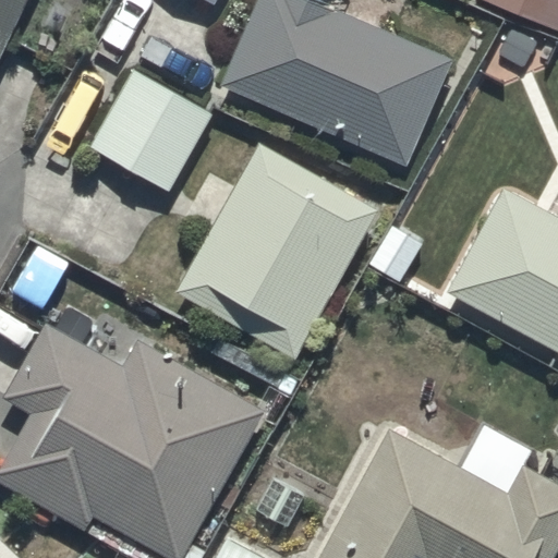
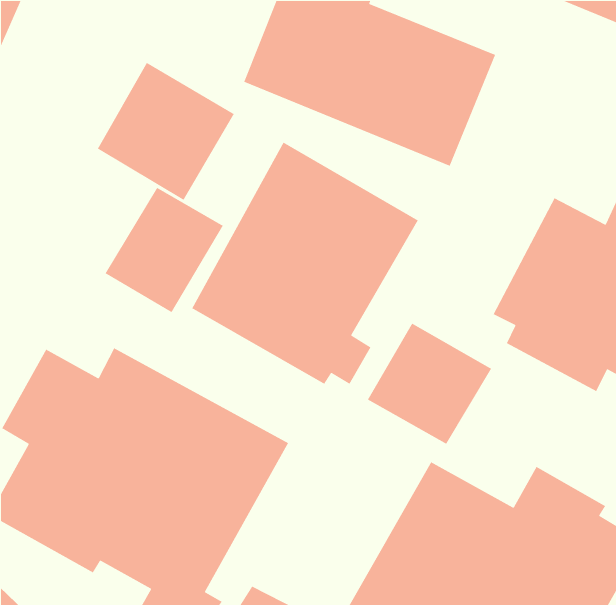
building: none -> [105,187,224,313]
building: none -> [367,322,492,445]

